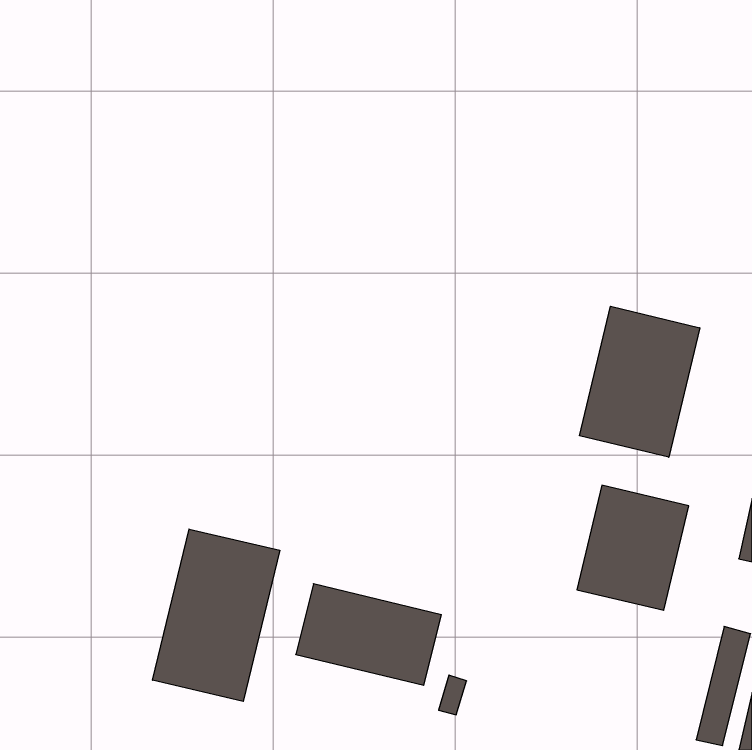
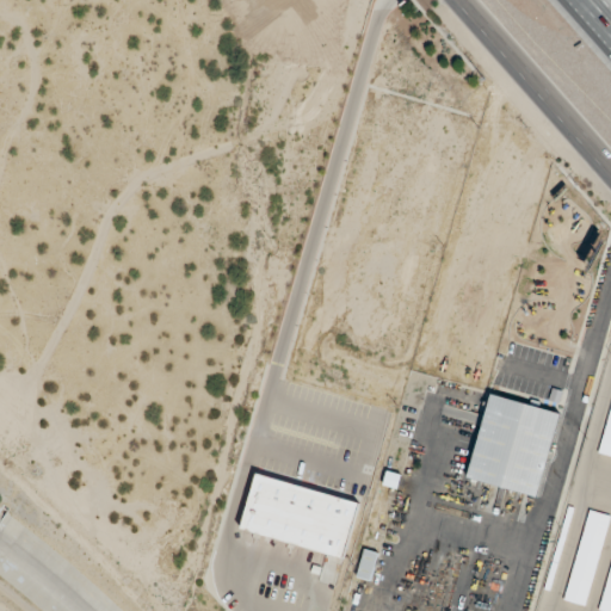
building: [580,306,700,457] -> none
building: [153,529,280,701] -> none

